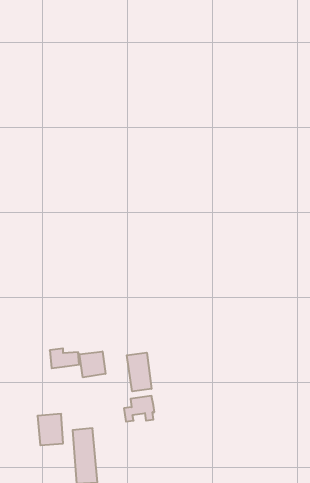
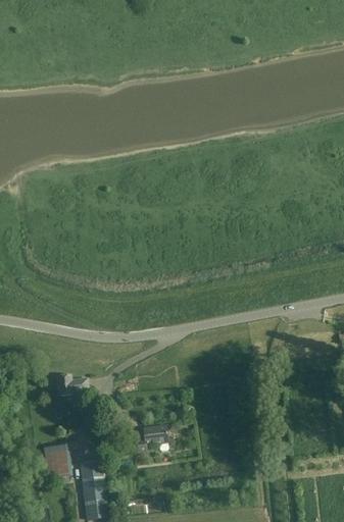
building: [80,351,105,377] -> none
building: [127,353,151,391] -> none

